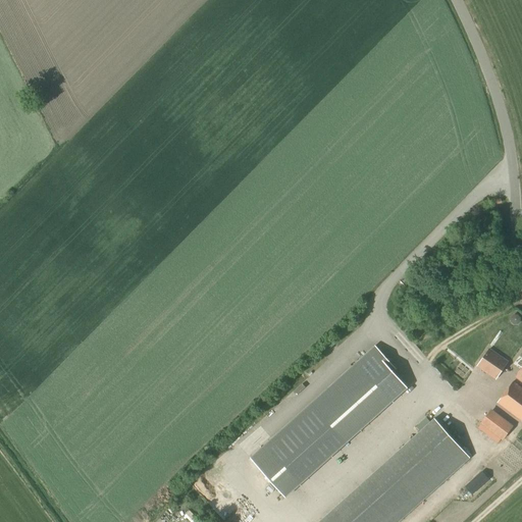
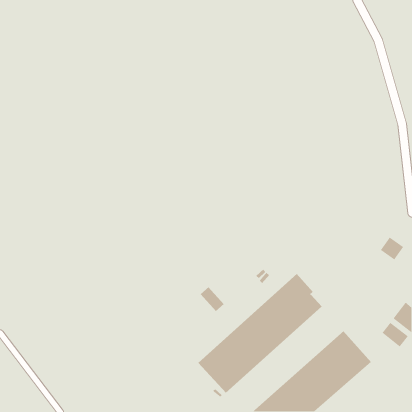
building: [477,349,508,379] -> [380,236,404,261]
building: none -> [200,286,225,312]

